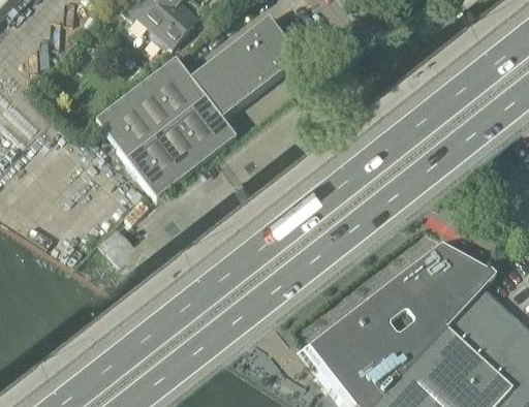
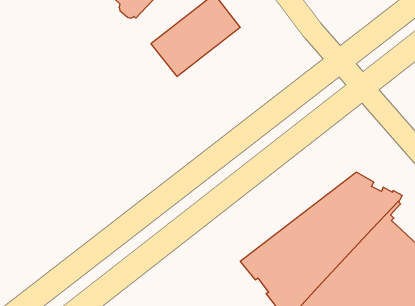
building: [96,57,237,197] -> none

